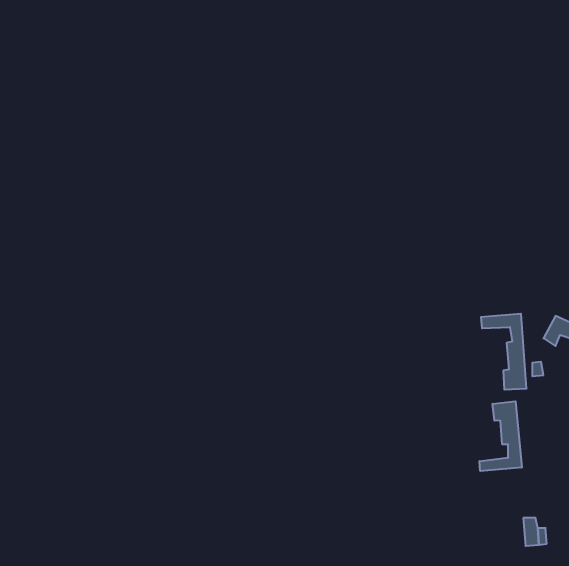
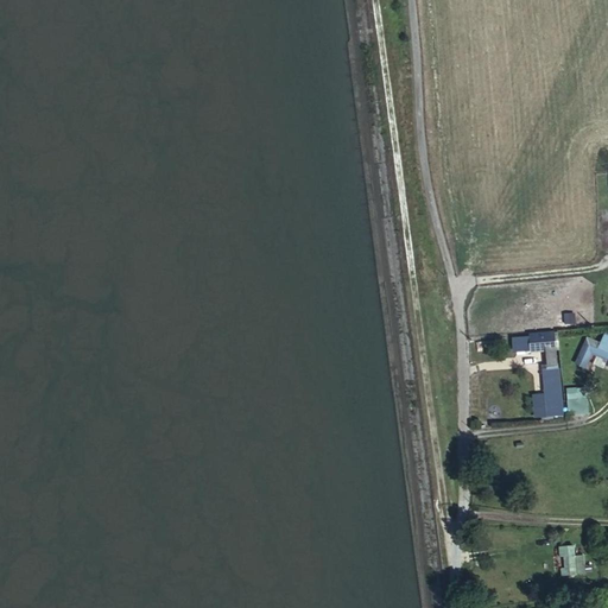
building: [480,401,522,471] -> none

